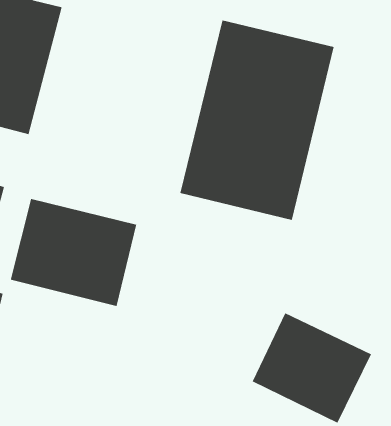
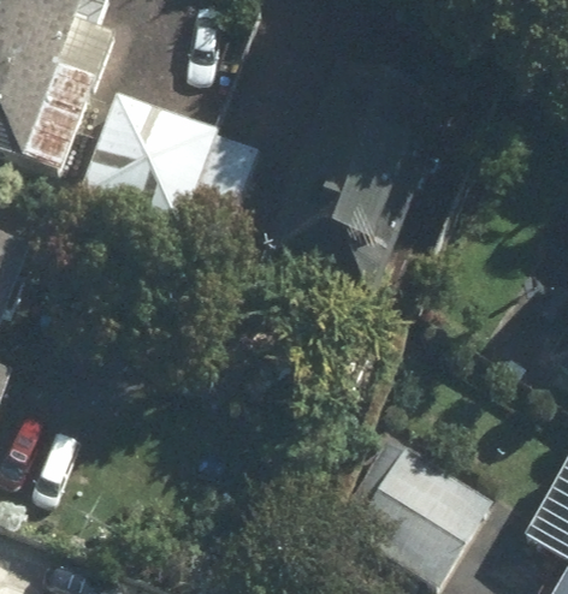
building: none -> [76,90,259,210]
building: [10,198,137,307] -> none

